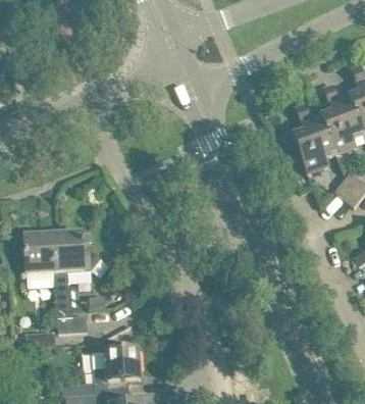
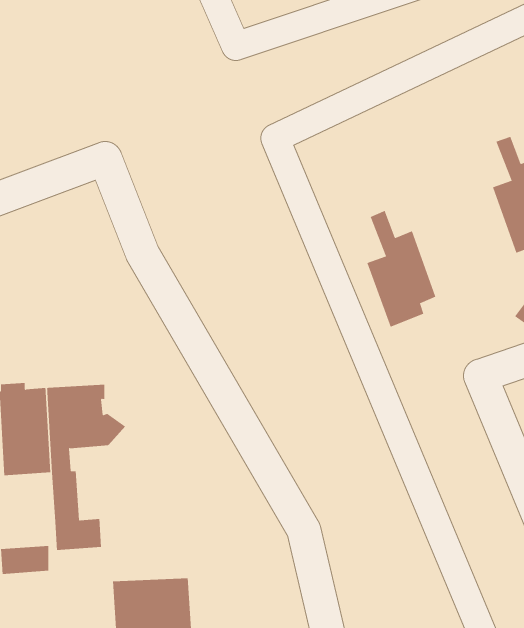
building: [293,102,334,172] -> [367,210,436,327]

